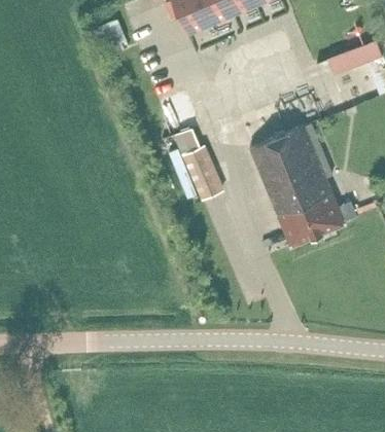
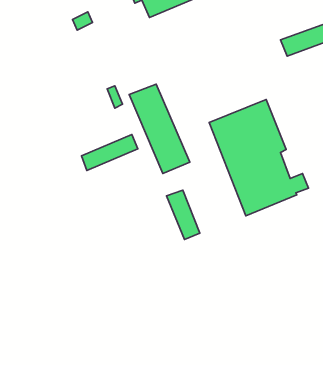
building: none -> [81,135,138,171]
building: none -> [167,190,200,240]

